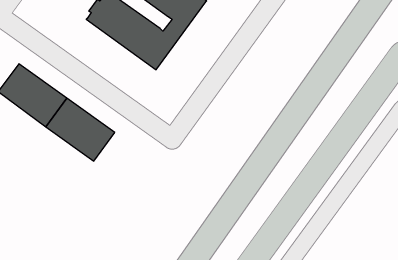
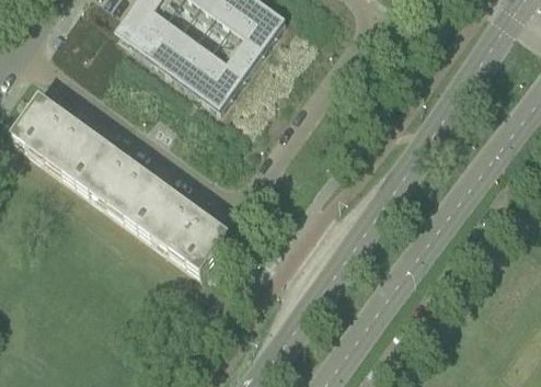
building: none -> [135,186,225,270]

